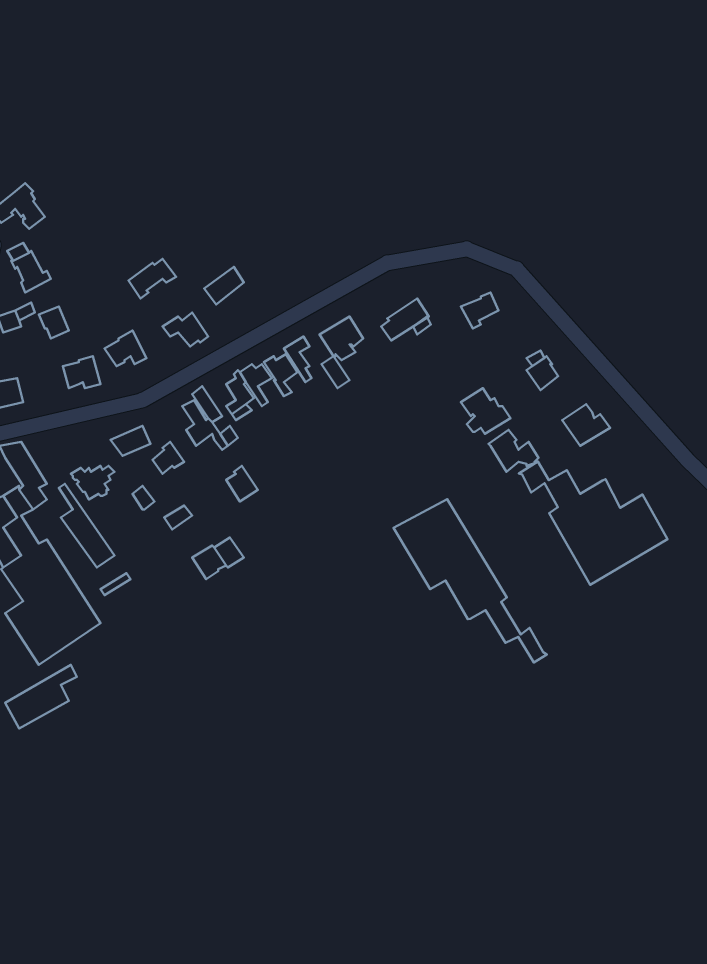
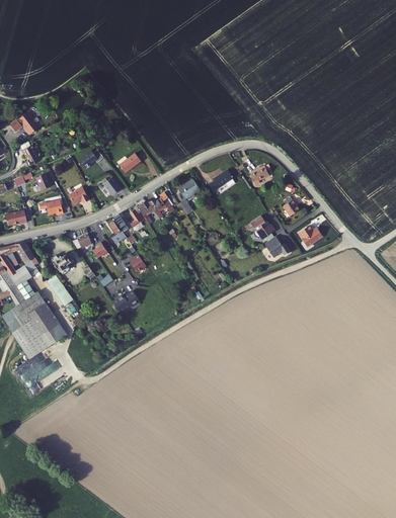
building: [519,462,668,585] -> none
building: [393,499,547,662] -> none

